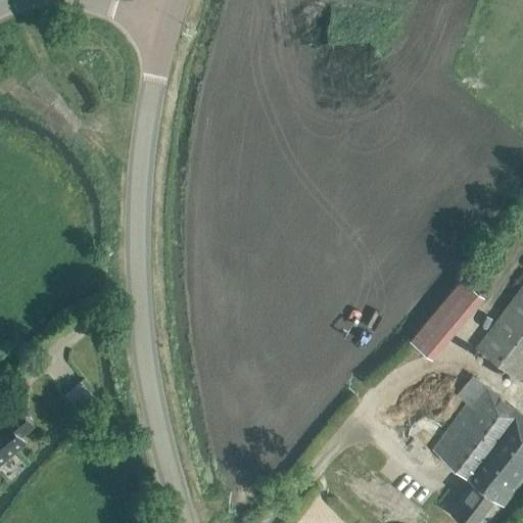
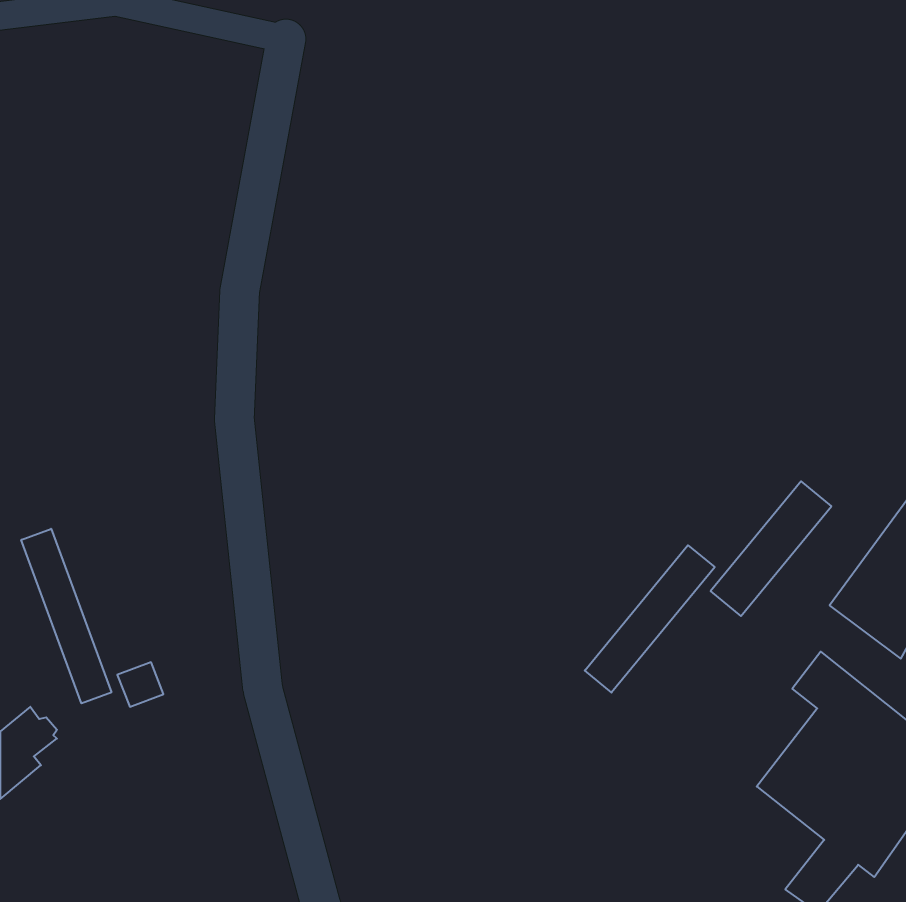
building: none -> [21,529,111,703]
building: none -> [585,545,715,693]

